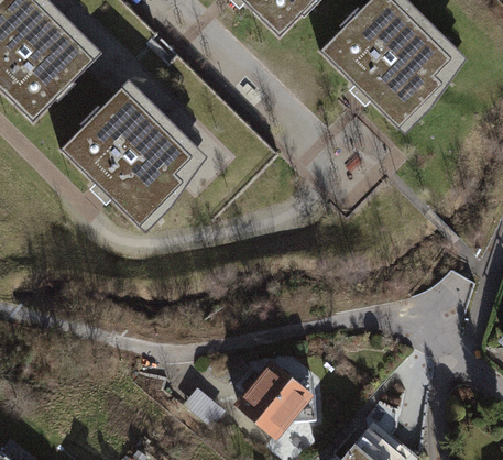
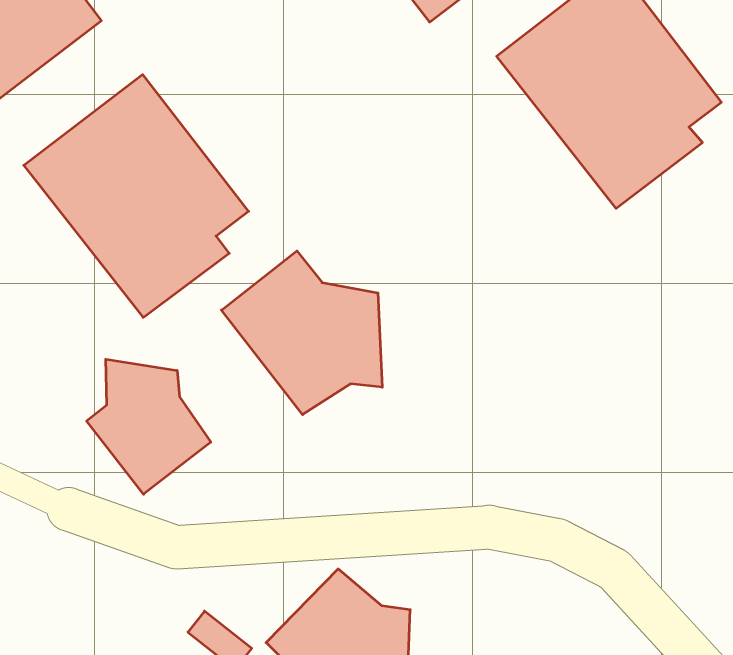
building: none -> [221,251,382,415]
building: none -> [87,359,211,494]

